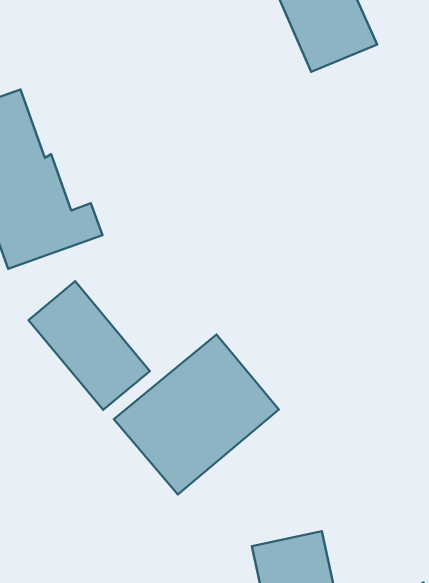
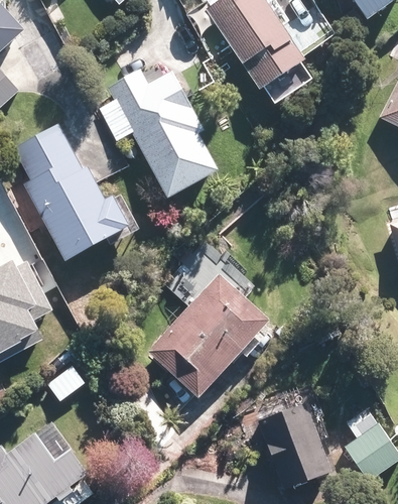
building: none -> [110,72,207,195]
building: [29,281,150,410] -> none

